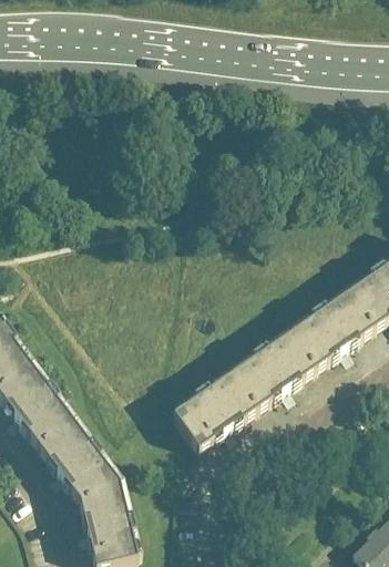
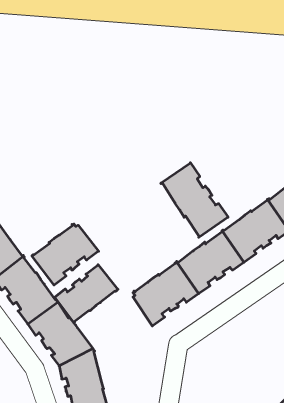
building: none -> [161,163,228,237]
building: none -> [32,224,99,285]
building: none -> [55,265,118,323]

